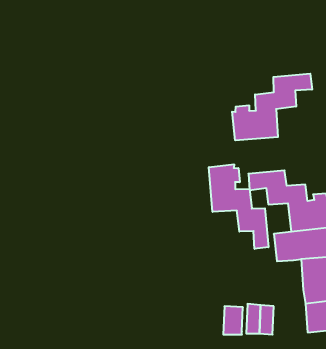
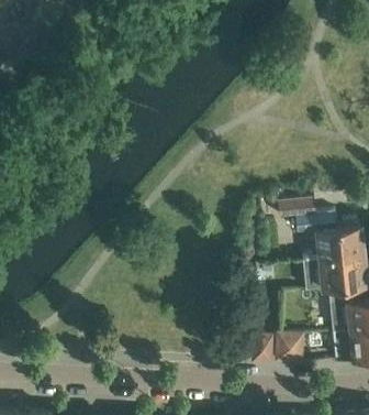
building: [232,74,312,140] -> none
building: [209,164,268,249] -> none

